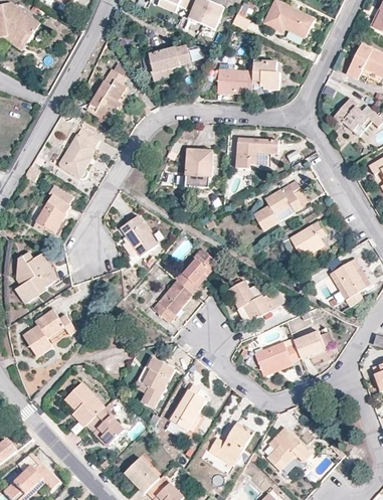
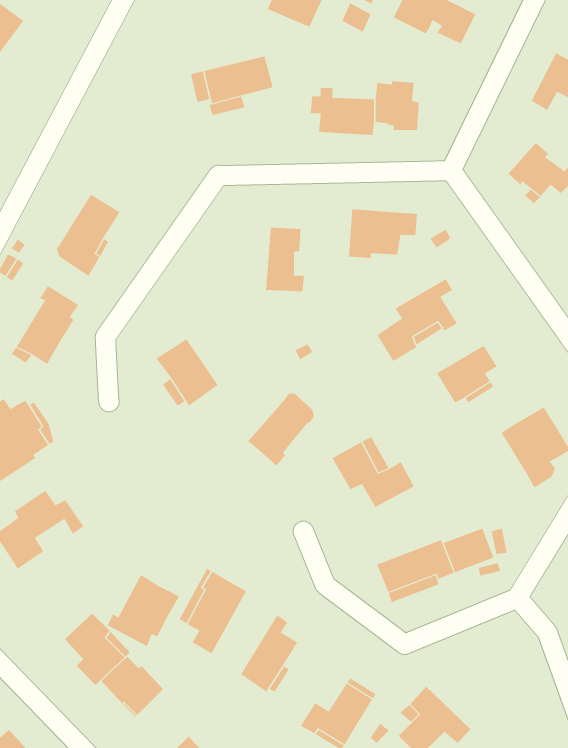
building: [86,68,126,123] -> none
building: [150,280,193,322] -> none
building: none -> [107,574,180,647]

